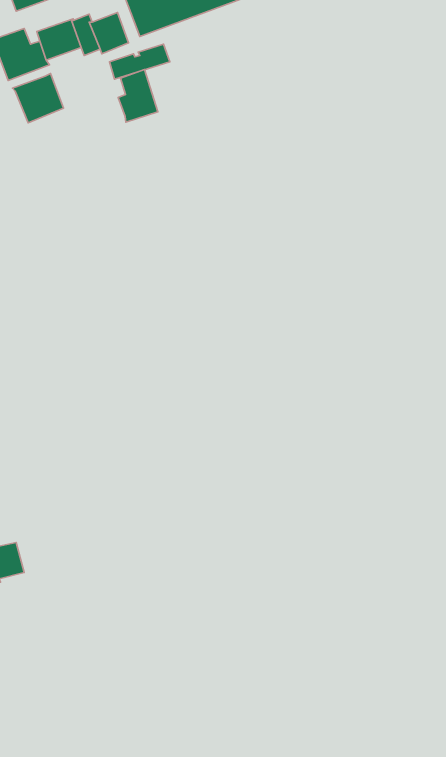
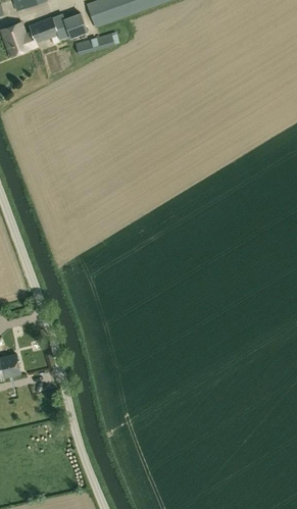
building: [118,70,158,122] -> none
building: [13,74,64,123] -> none

